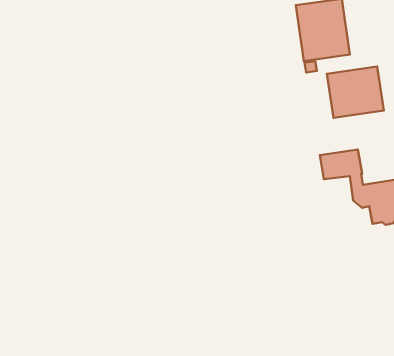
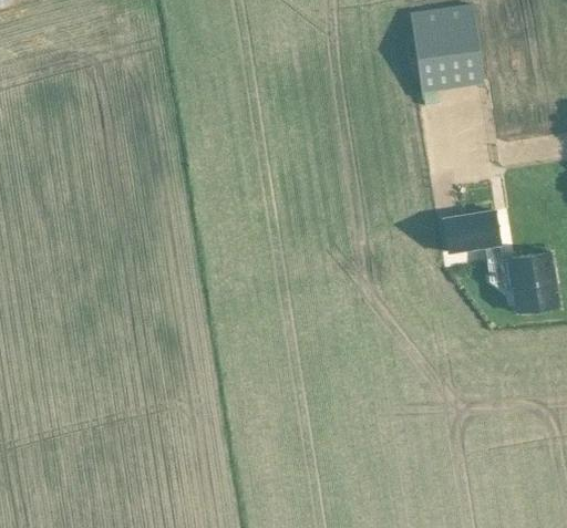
building: [327,66,384,118] -> none

